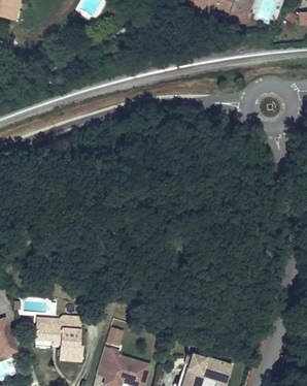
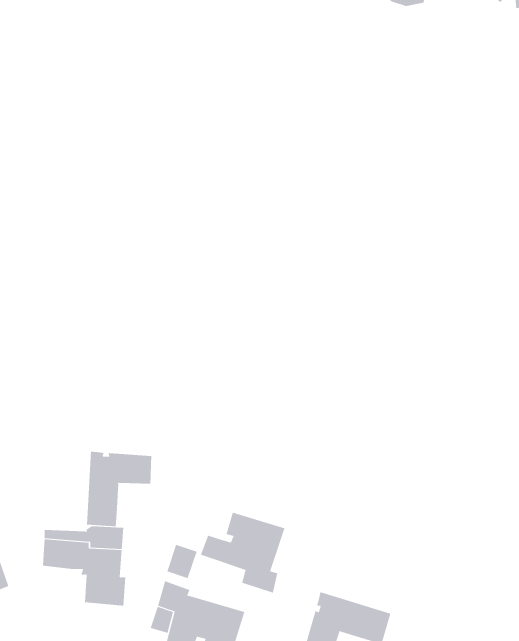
building: none -> [86,451,152,527]
building: none -> [200,512,285,593]

